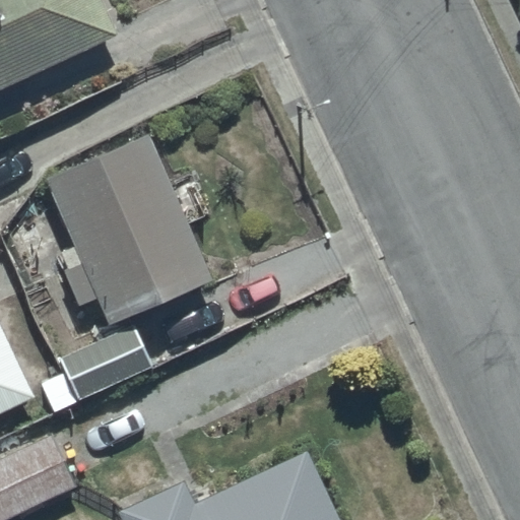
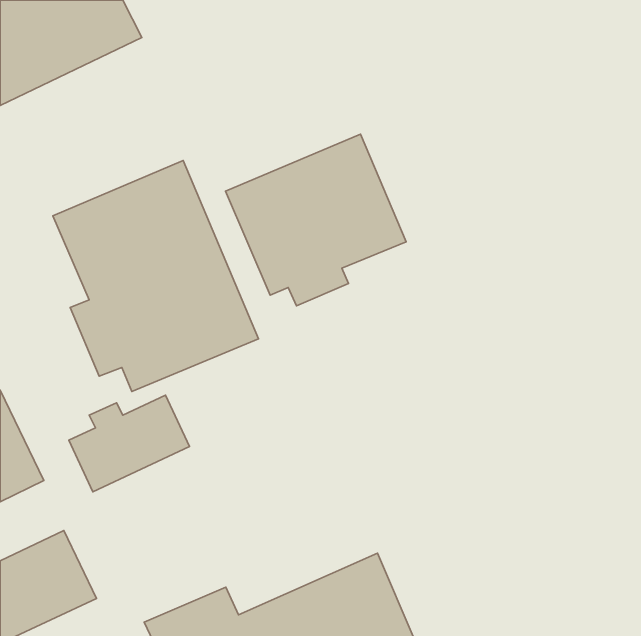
building: none -> [225,134,406,306]

